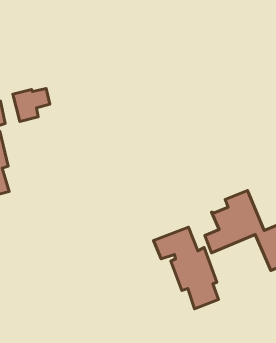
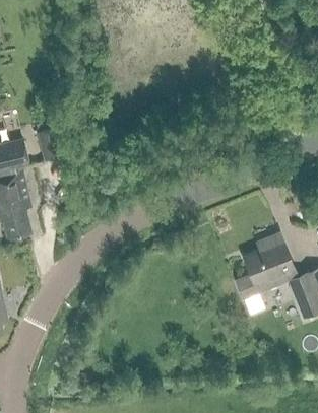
building: [154,227,218,309] -> none

